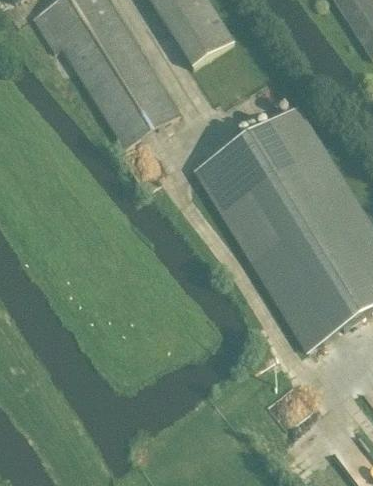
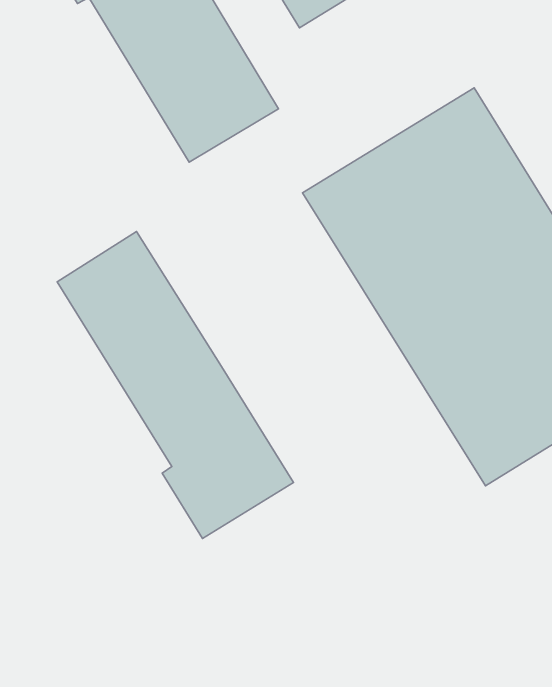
building: none -> [57,232,293,538]

